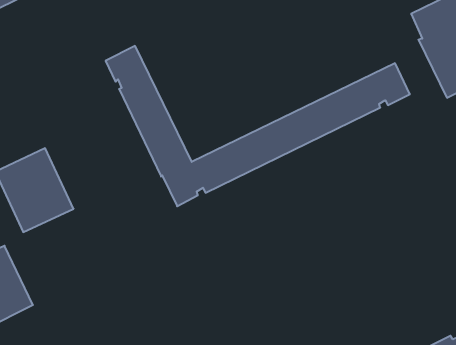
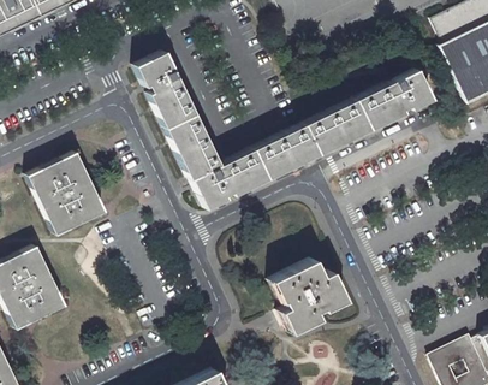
building: none -> [273,260,345,331]

